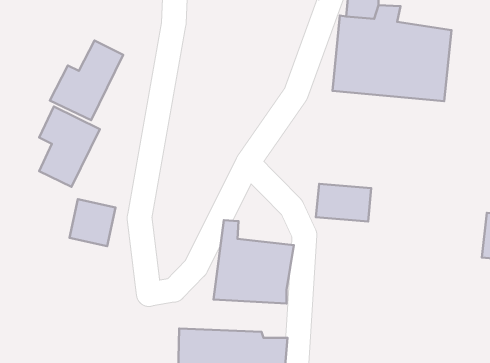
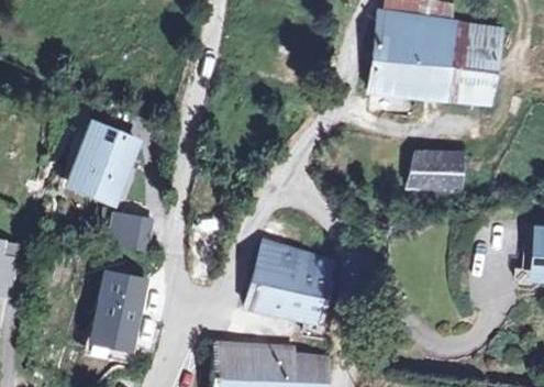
building: [50,41,123,120] -> none
building: [316,184,371,221] -> [411,155,469,195]
building: none -> [86,269,141,344]

